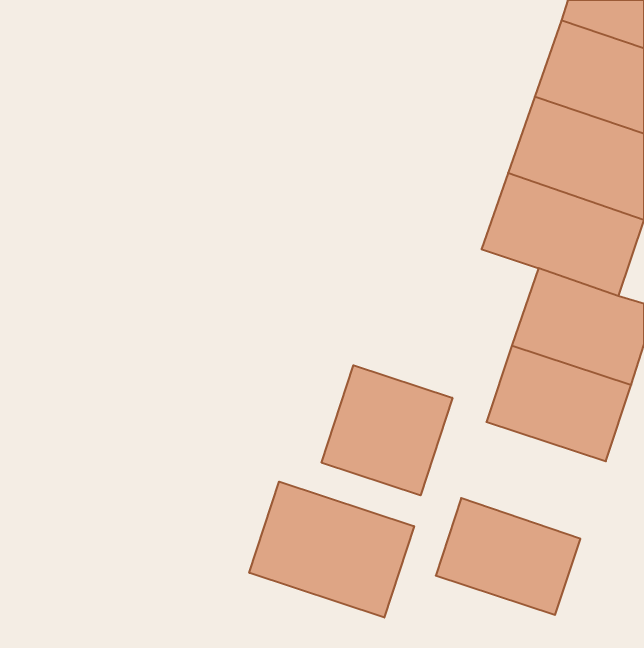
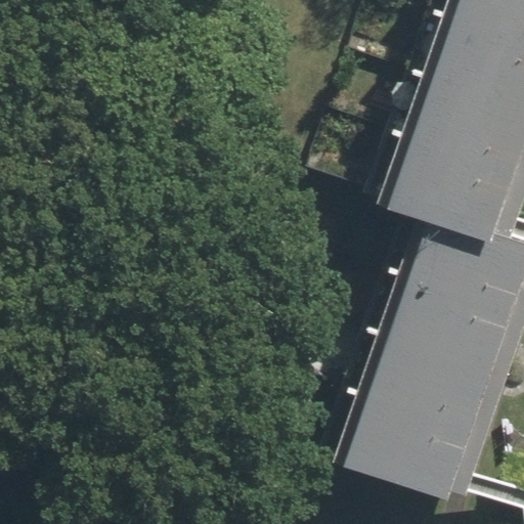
building: [322,365,452,495] -> none
building: none -> [372,341,488,435]
building: [249,482,414,618] -> none

